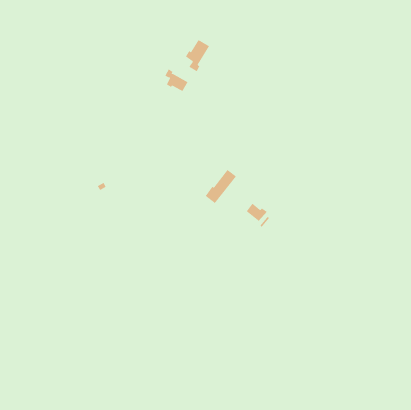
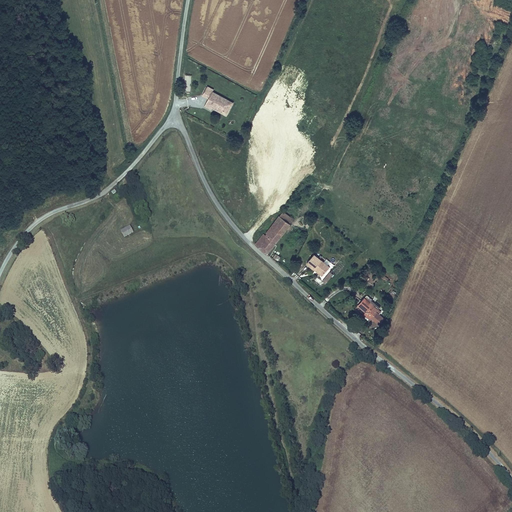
building: [185,39,210,72] -> none
building: none -> [355,296,385,327]

